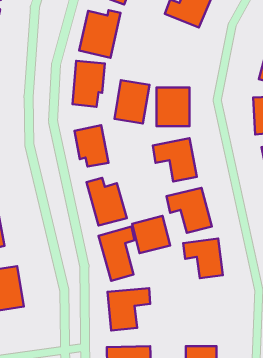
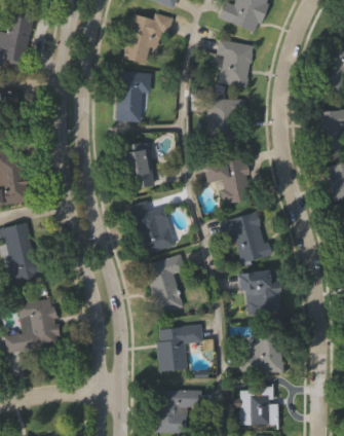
building: [114,80,149,124] -> [215,39,254,87]
building: [132,216,170,253] -> none
building: none -> [242,330,284,372]

